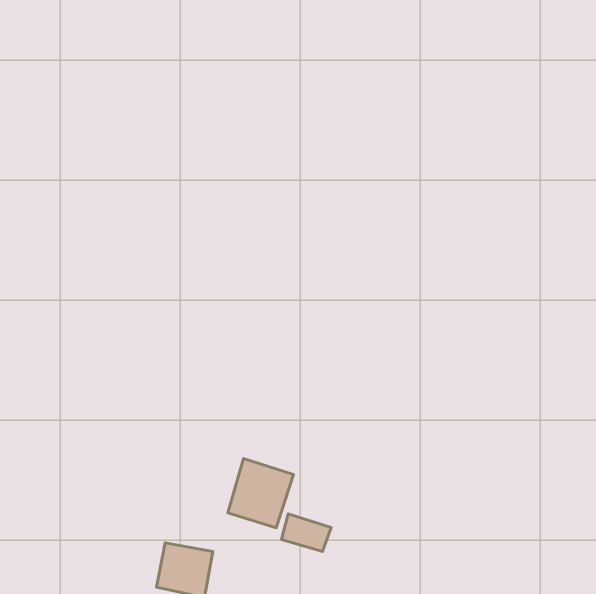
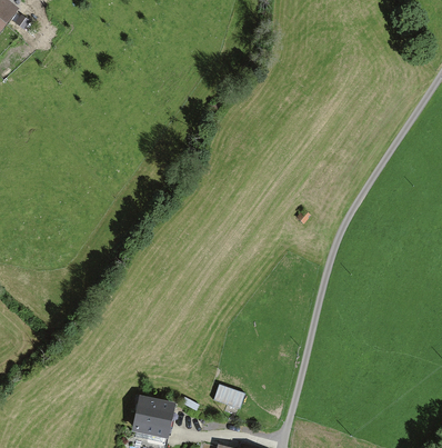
building: [228,459,294,528] -> none

